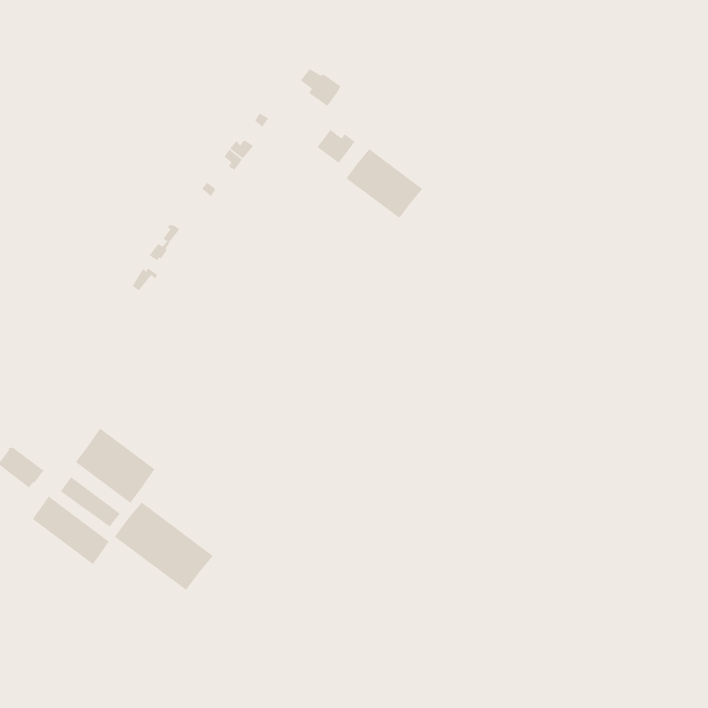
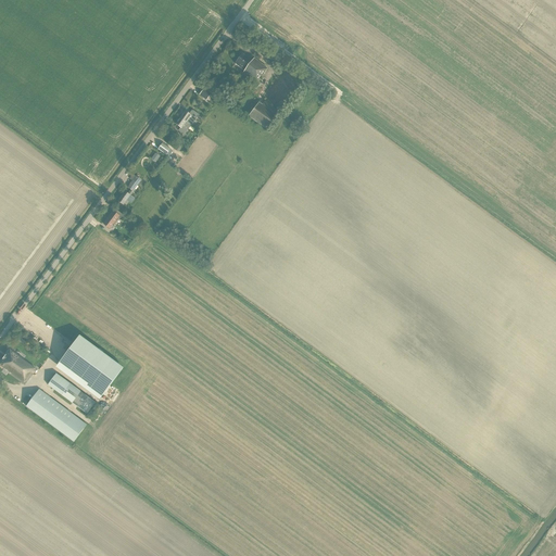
building: [345,148,423,219] -> none
building: [114,502,214,591] -> none

